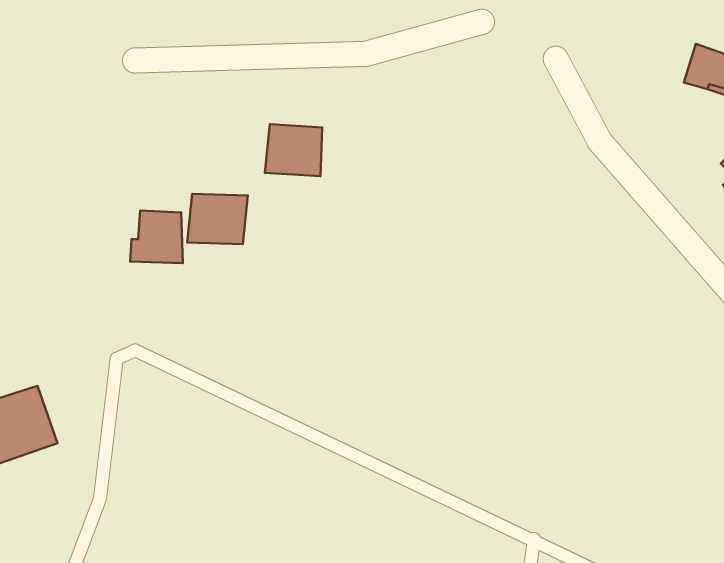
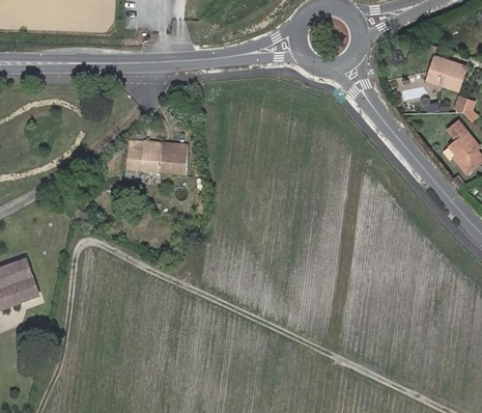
building: [265,124,322,176] -> [153,148,189,181]
building: [130,211,183,263] -> none

